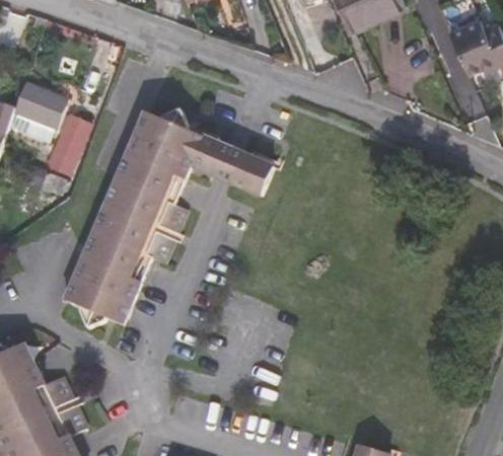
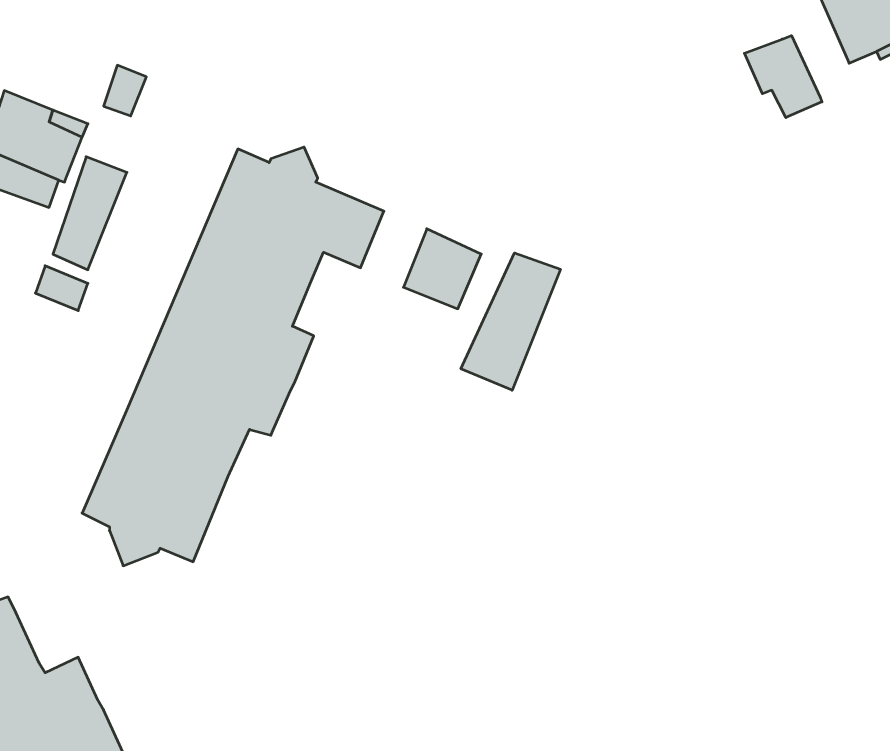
building: none -> [744,36,822,118]
building: [209,143,243,182] -> none
building: none -> [461,253,560,390]

